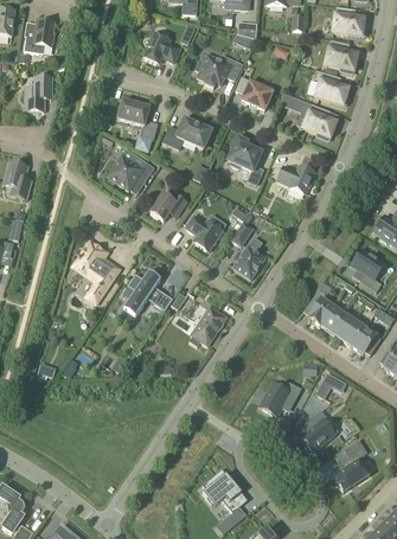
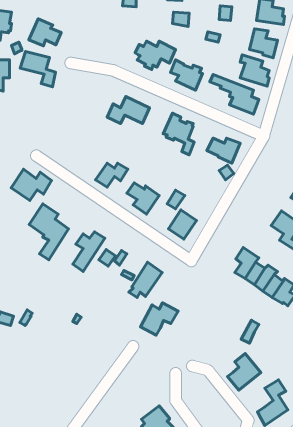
building: [142,32,179,63] -> [29,19,61,46]
building: [116,100,156,140] -> [20,51,56,87]
building: [107,154,153,190] -> [11,169,52,200]
building: [258,379,301,416] -> [141,303,178,335]

